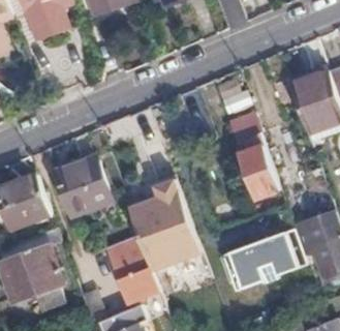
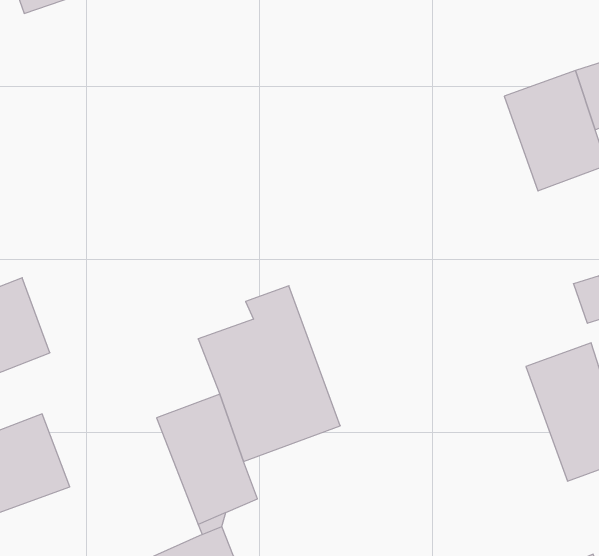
building: [228,124,283,213] -> none
building: [55,157,113,216] -> none
building: [222,230,305,291] -> none

